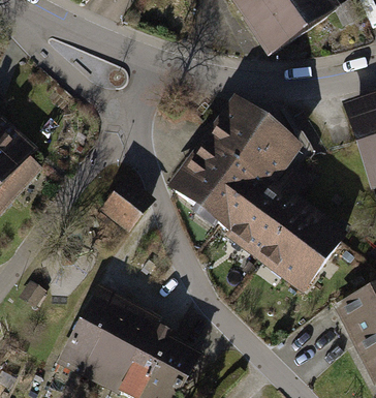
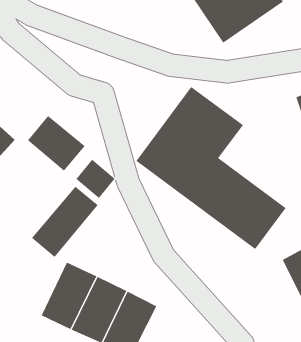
building: none -> [27,115,86,171]
building: none -> [31,186,98,258]

